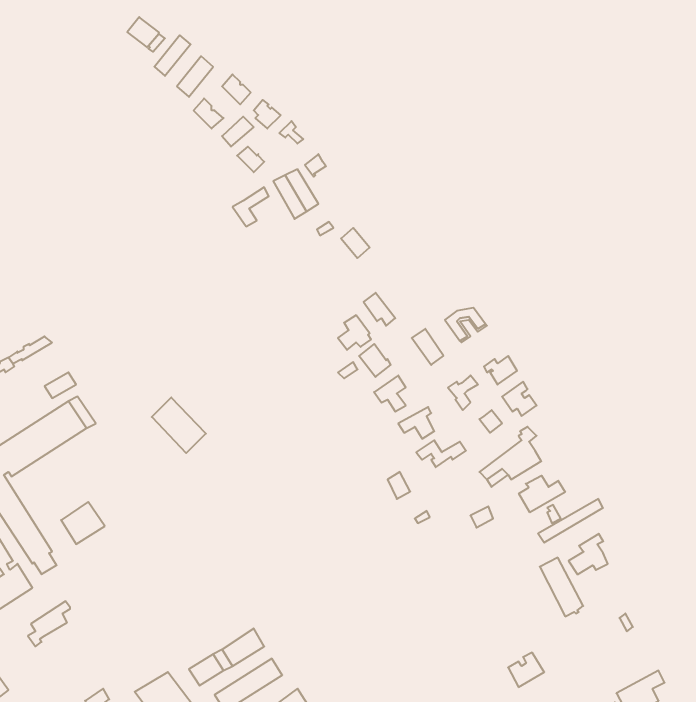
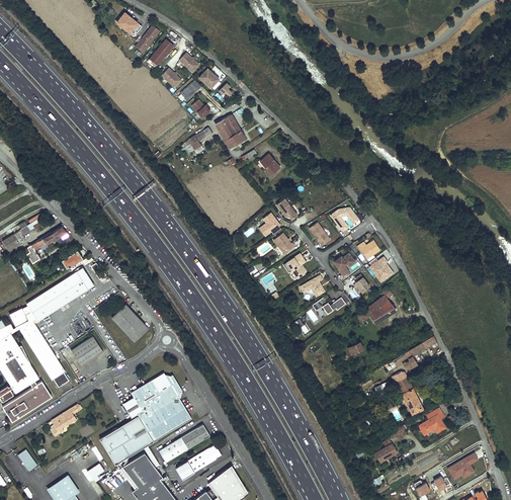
building: [152,397,206,453] -> [111,305,148,342]
building: [519,476,565,512] -> none
building: [569,534,608,574] -> [418,408,444,435]
building: none -> [98,372,190,465]

